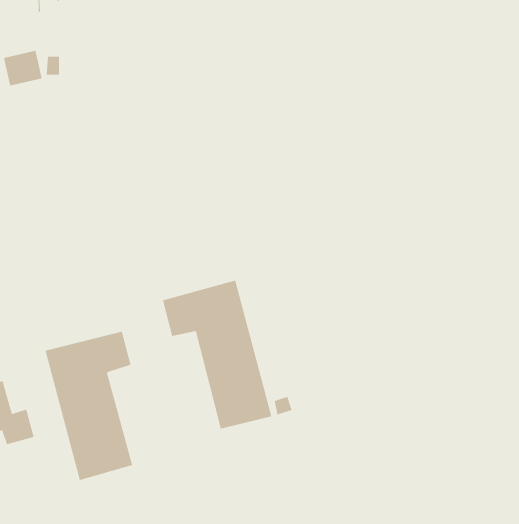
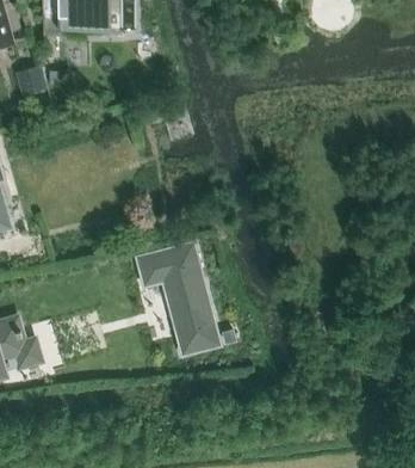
building: [45,331,133,481] -> none

